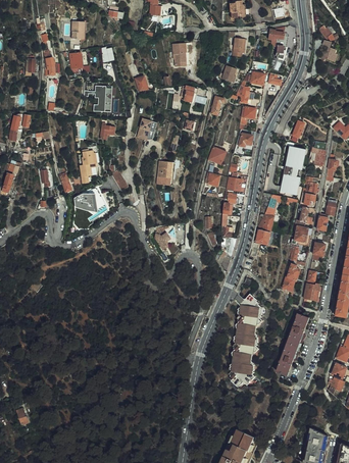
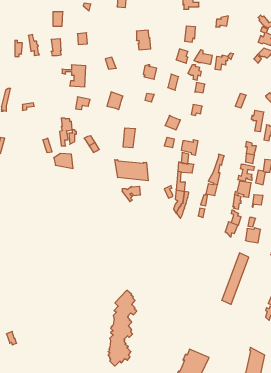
building: [279,146,306,195] -> none
building: none -> [115,160,148,181]
building: [229,295,263,387] -> [108,290,137,366]

